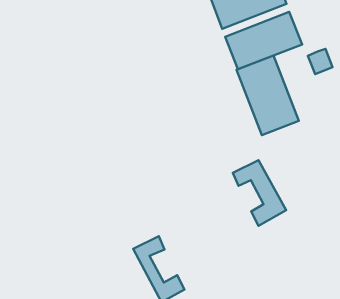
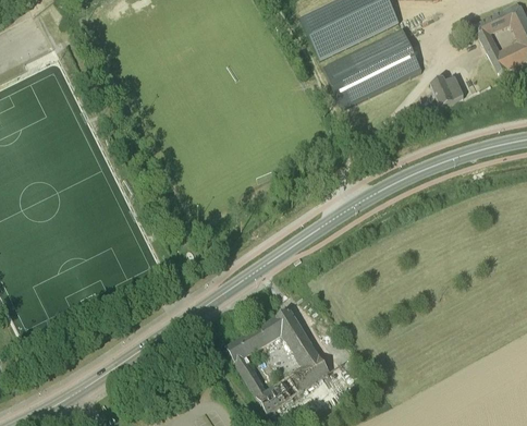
building: [236,56,299,135] -> none
building: [233,160,286,226] -> [258,311,330,394]

